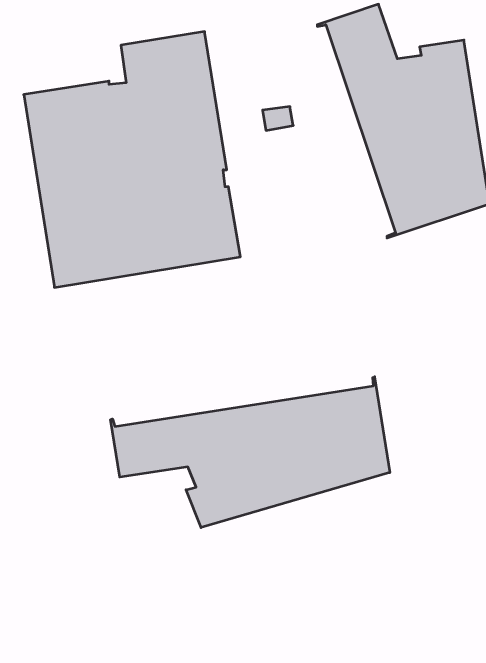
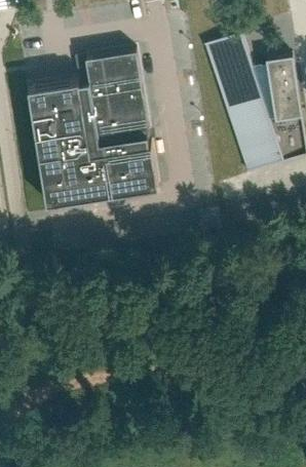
building: [111,377,390,528] -> none

